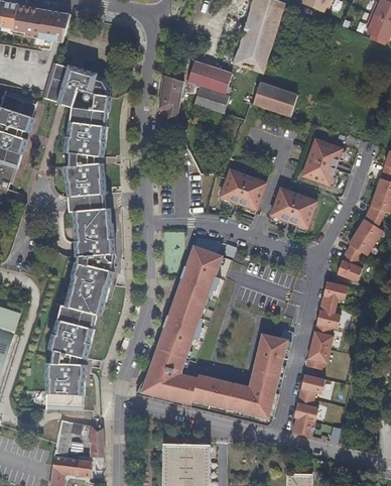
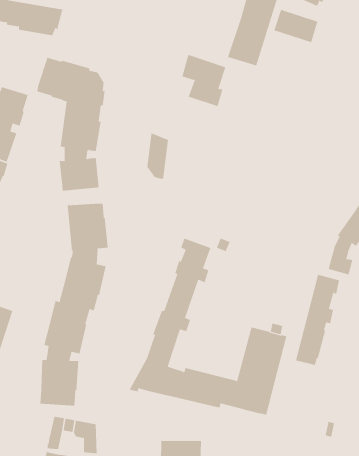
building: [160,75,182,121] -> [147,133,169,179]
building: [253,83,297,116] -> [273,9,318,43]
building: [299,139,341,186] -> none
building: [216,167,263,207] -> none
building: [266,187,313,226] -> none
building: [70,194,107,212] -> none
building: [288,373,324,436] -> none

